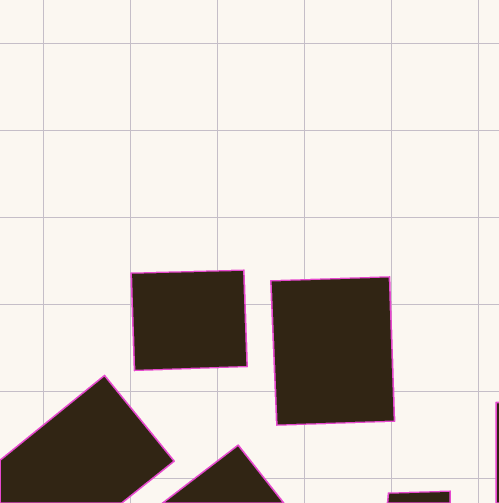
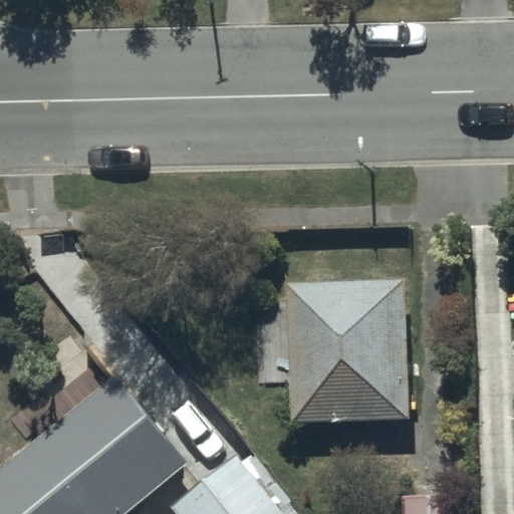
building: [131,270,247,370] -> none

